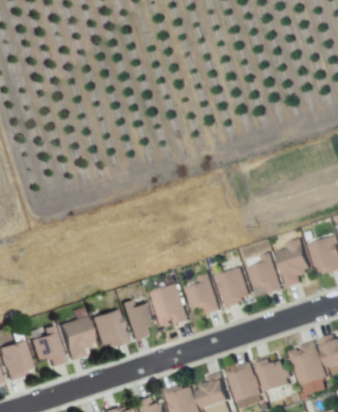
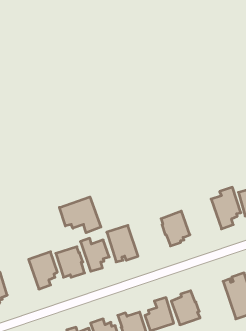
building: none -> [59,197,101,233]
building: [250,253,285,294] -> none
building: [187,273,221,314] -> none
building: [32,325,66,366] -> none
building: [259,355,295,393] -> none

